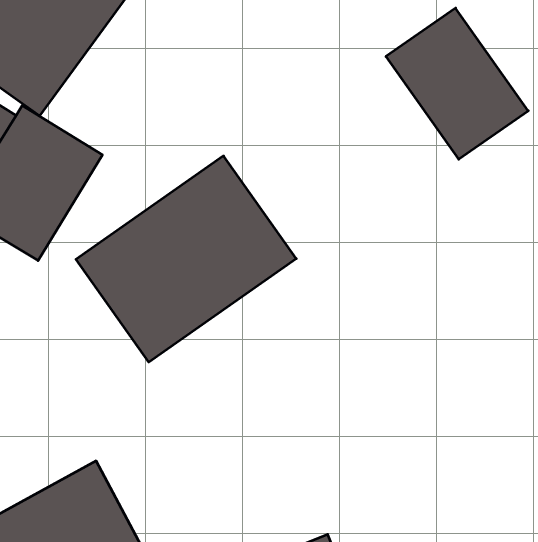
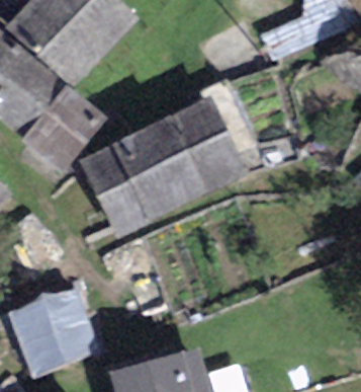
building: [386,8,528,159] -> [172,102,248,187]

